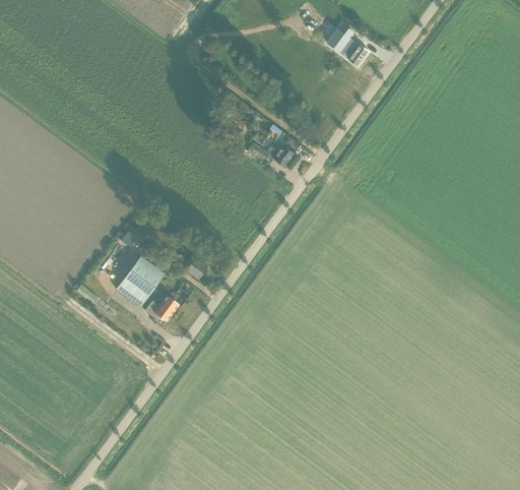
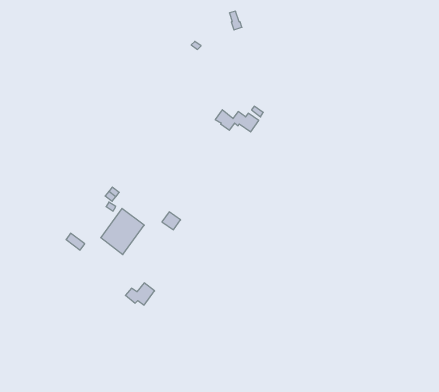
building: [327,21,370,65] -> none
building: [145,294,179,319] -> [125,283,155,305]

